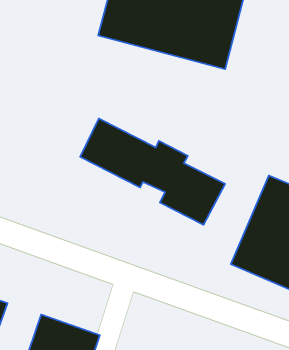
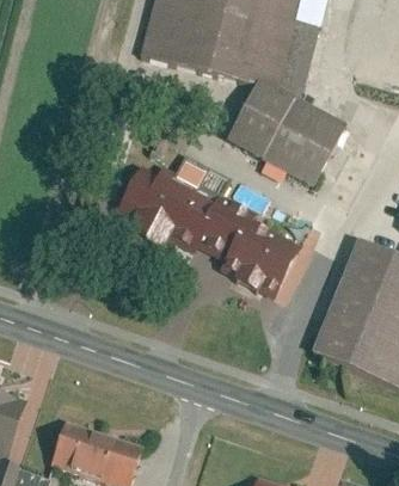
building: none -> [226,78,346,184]

